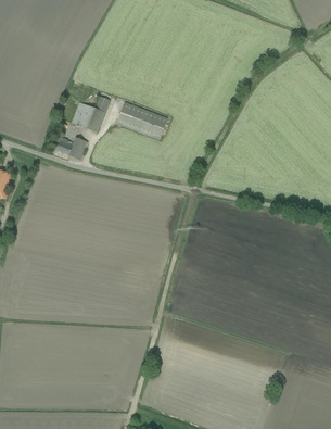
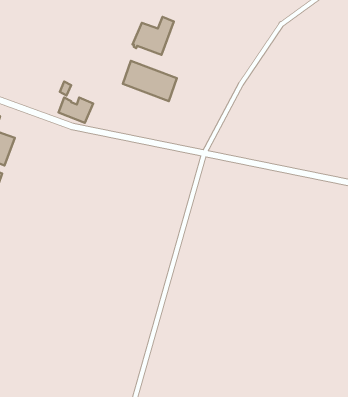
building: [72,96,111,131] -> [133,17,174,55]

